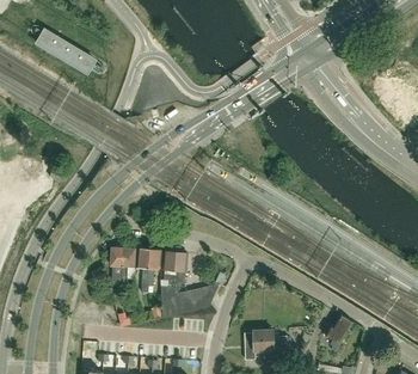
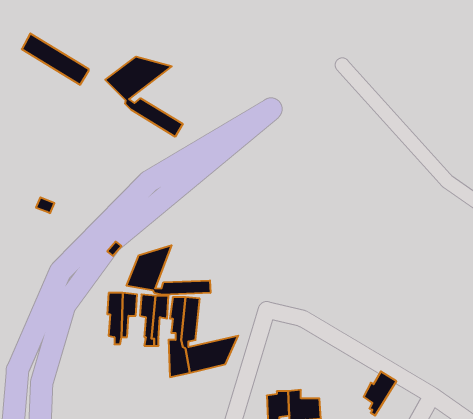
building: none -> [105,57,183,137]
building: none -> [127,245,210,295]

